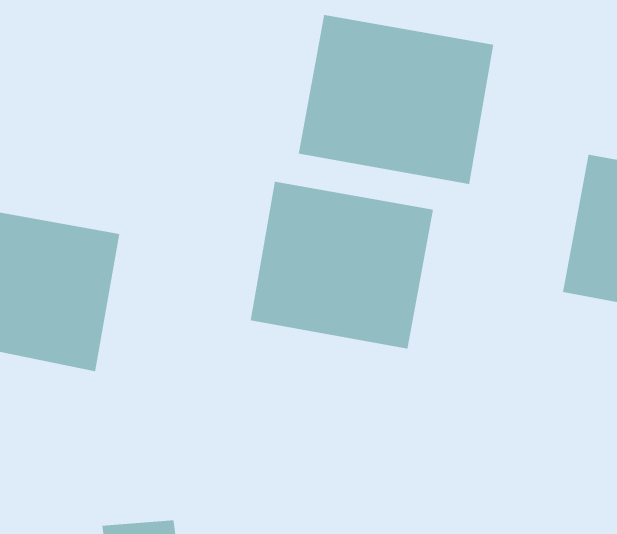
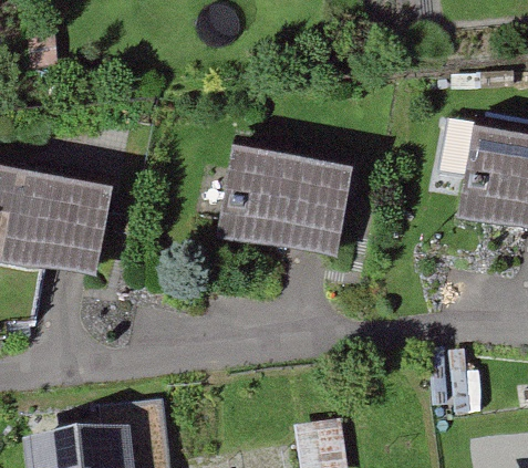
building: [298,14,494,185] -> none

